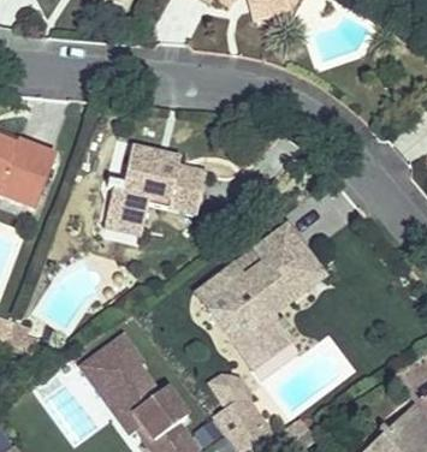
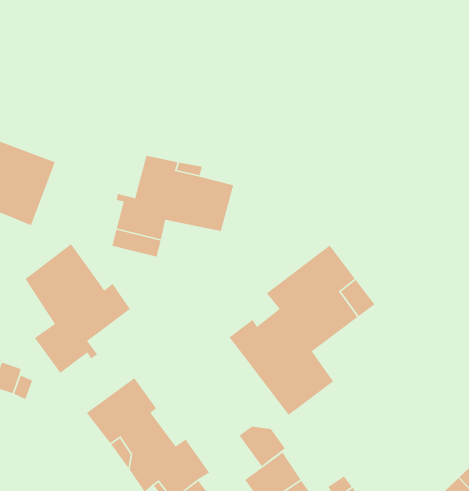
building: none -> [24,243,131,374]

